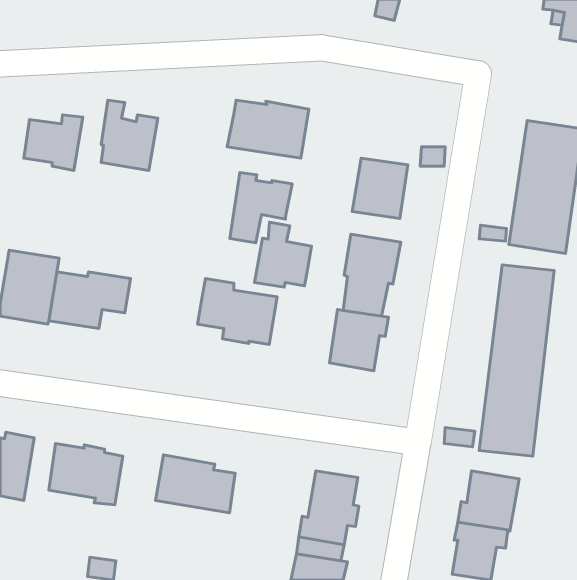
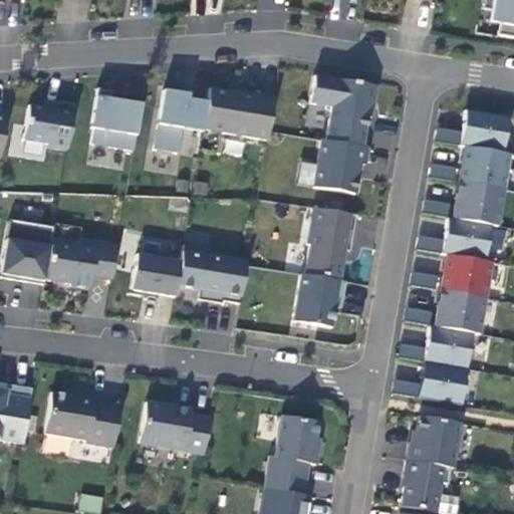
building: none -> [311,74,377,147]
building: [230,172,292,243] -> [155,90,210,153]
building: [255,222,311,287] -> [132,241,182,298]

